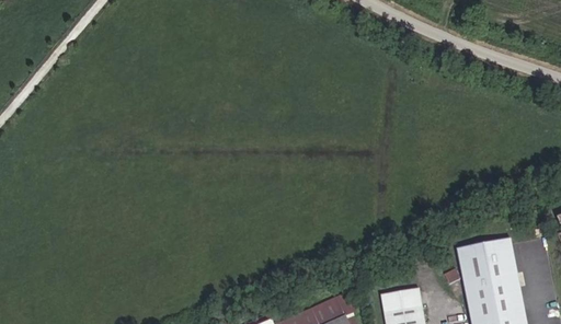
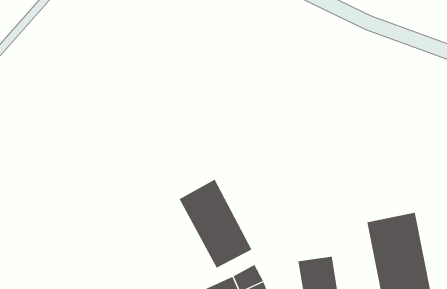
building: none -> [179,179,252,268]

